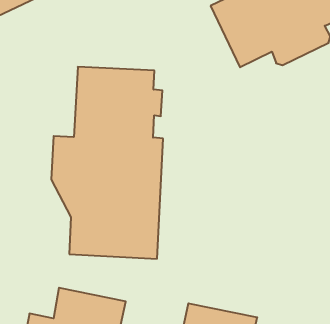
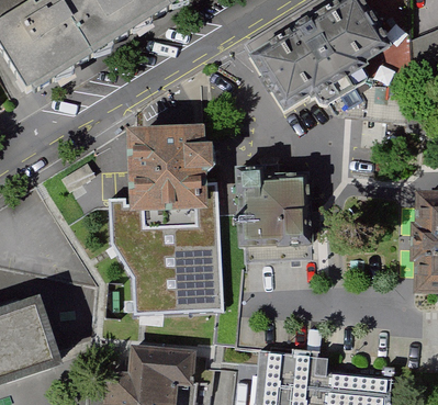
building: none -> [236,167,313,247]

